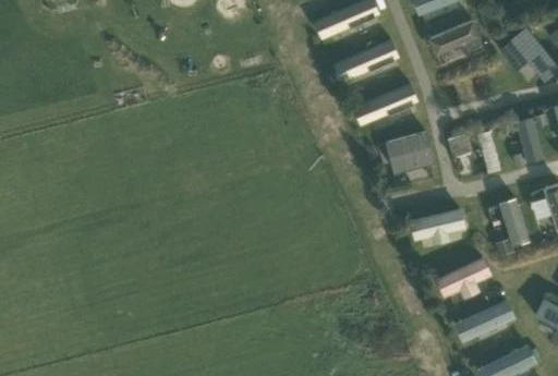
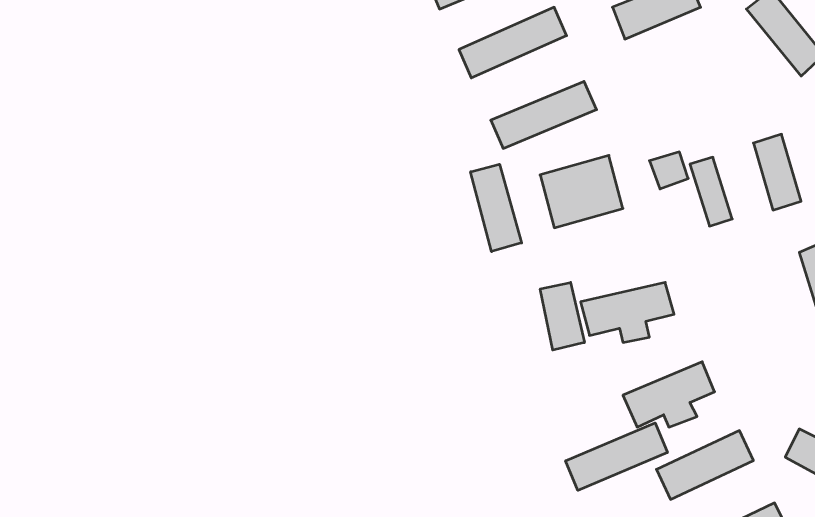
building: none -> [471,164,522,252]
building: [496,197,530,256] -> none
building: none -> [540,282,584,350]
building: none -> [566,423,667,490]

